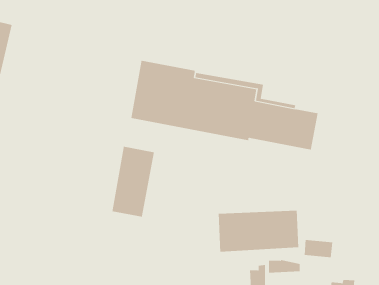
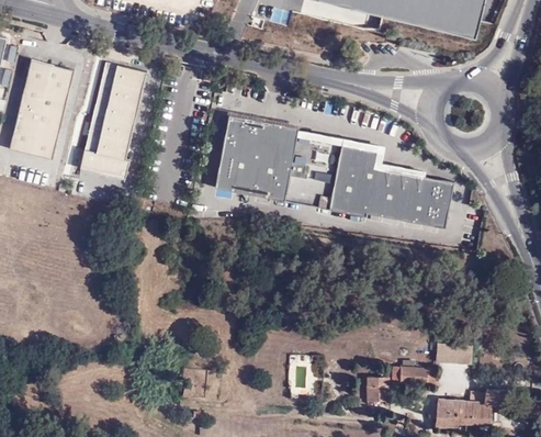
building: none -> [77,60,144,179]
building: [112,146,155,218] -> none
building: [218,210,299,252] -> none

